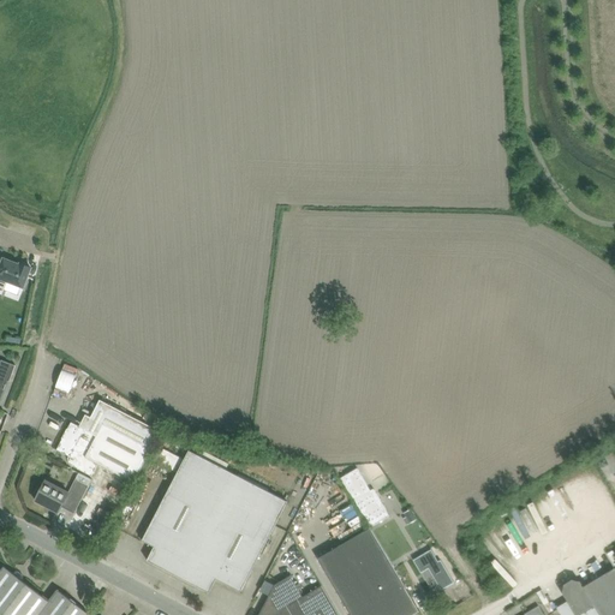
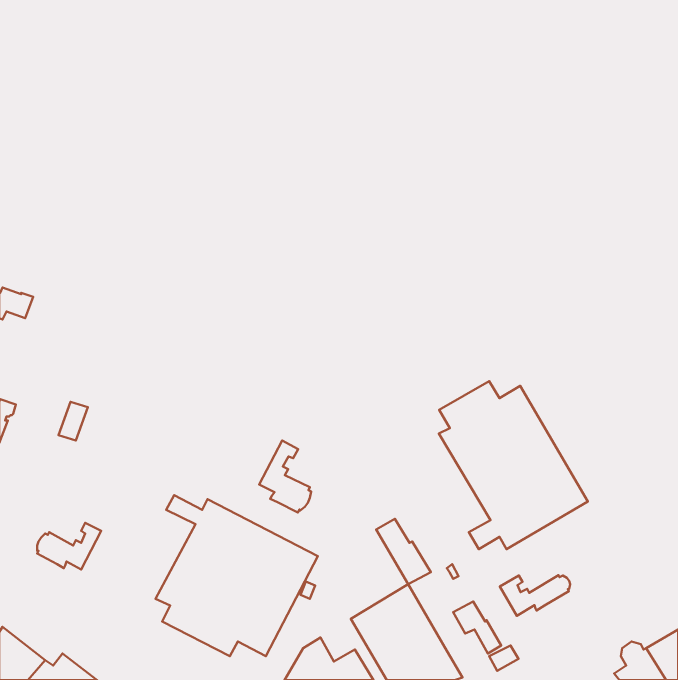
building: none -> [439,381,588,549]
building: none -> [259,441,311,512]
building: [55,400,160,483] -> none
building: none -> [500,575,570,616]

